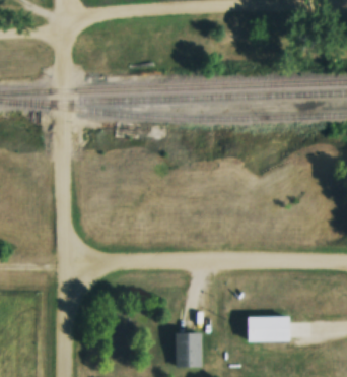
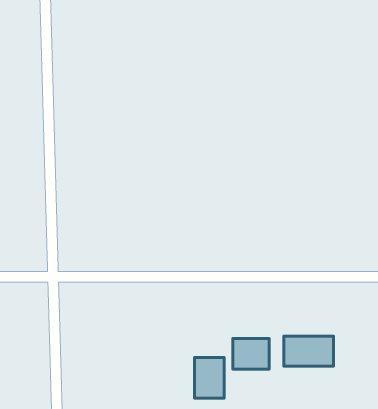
building: none -> [233,338,269,369]

